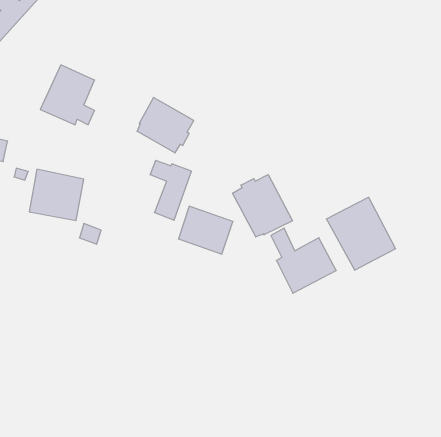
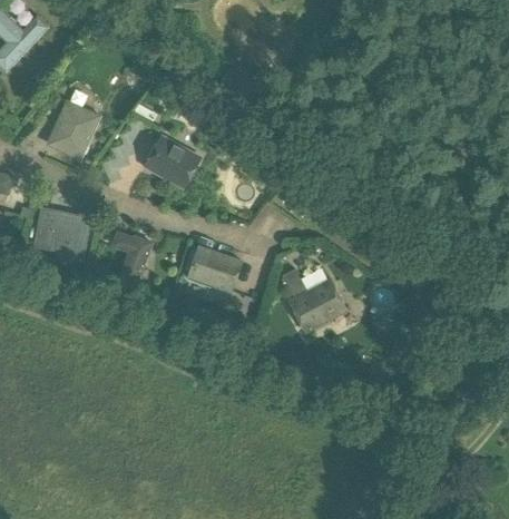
building: [150,160,191,220] -> [110,231,153,292]
building: [233,175,292,237] -> none
building: [326,197,396,270] -> none

